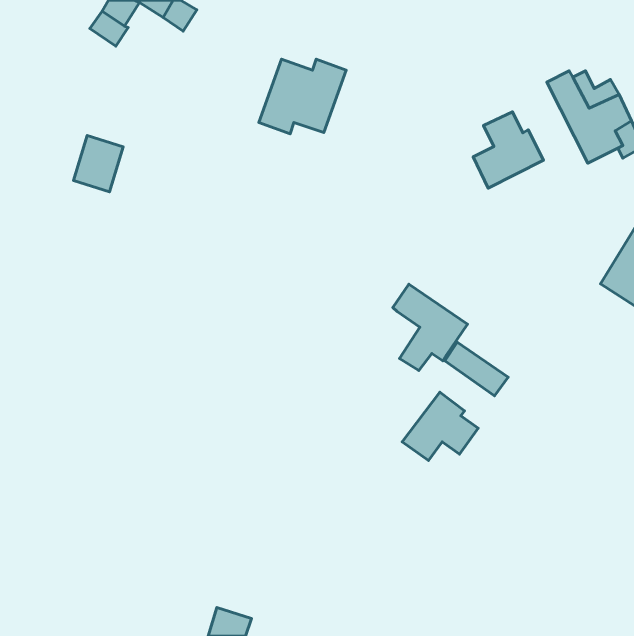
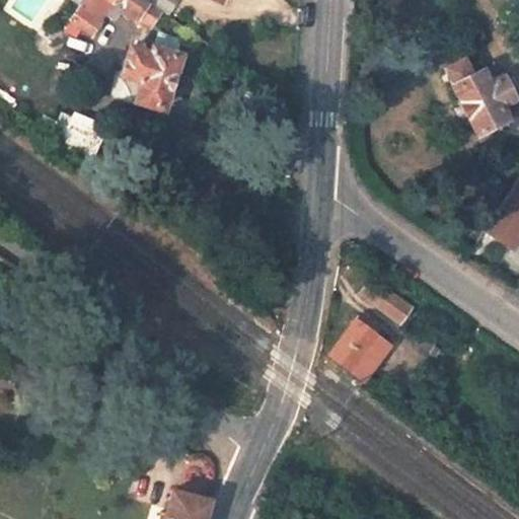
building: [259,59,346,134] -> [114,42,184,102]
building: [473,112,544,188] -> none
building: [393,284,468,371] -> none

